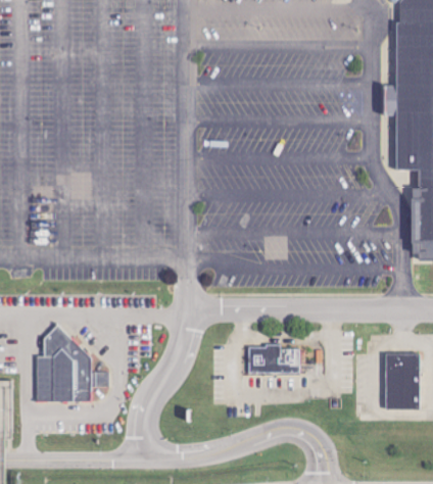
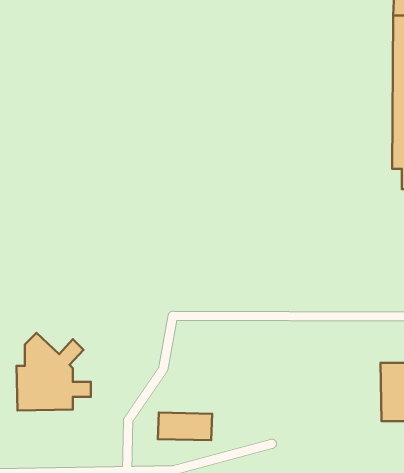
building: [248,347,300,374] -> [158,413,212,440]

